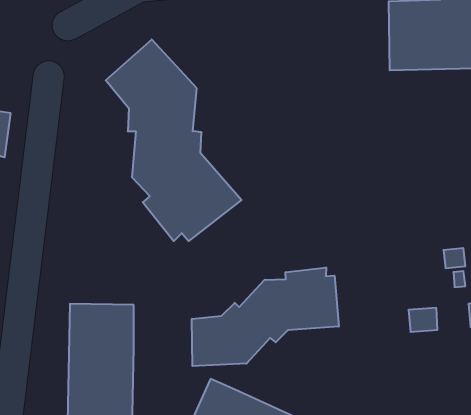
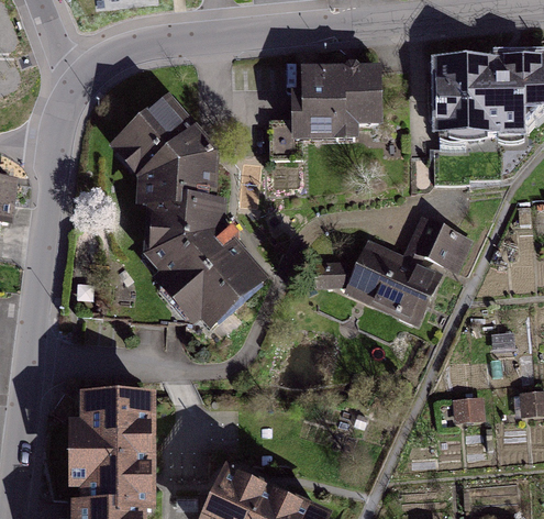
building: none -> [292,65,384,144]
building: none -> [346,222,465,317]
building: [192,267,339,366] -> none

